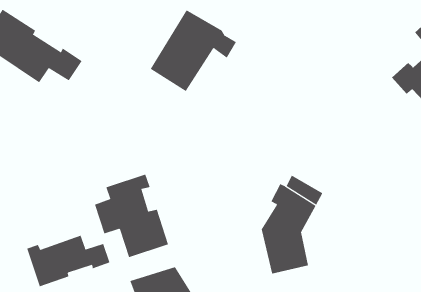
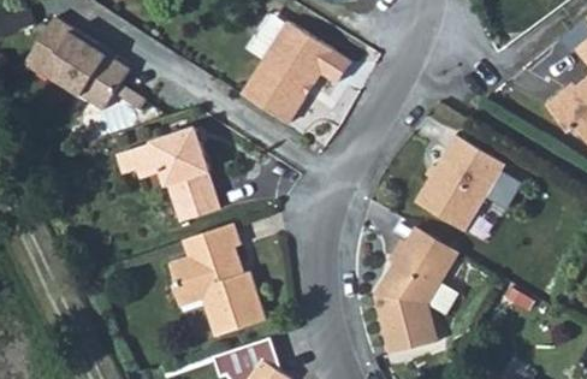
building: none -> [113,126,214,219]
building: none -> [417,131,506,229]
building: [27,235,110,287] -> none

